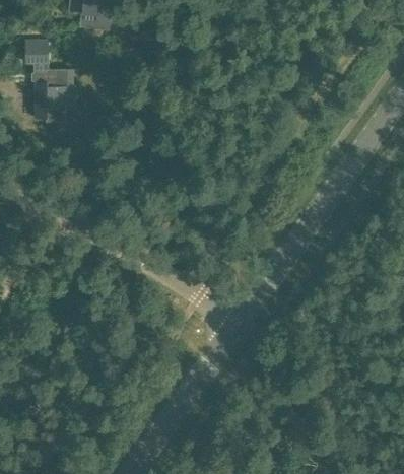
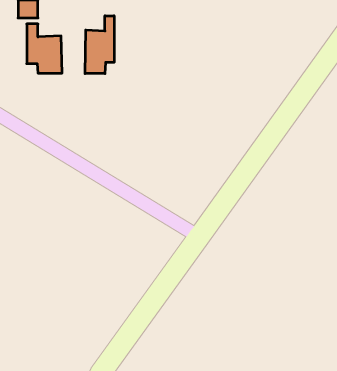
building: none -> [85,16,114,74]

